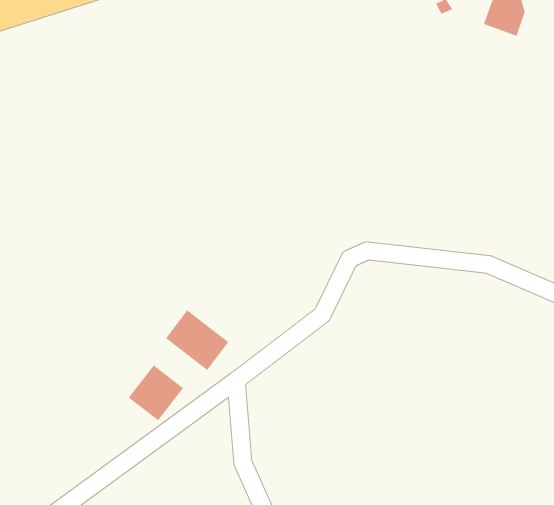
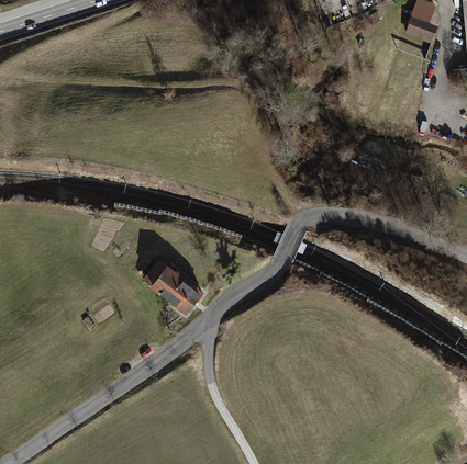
building: [128,364,184,421] -> none

